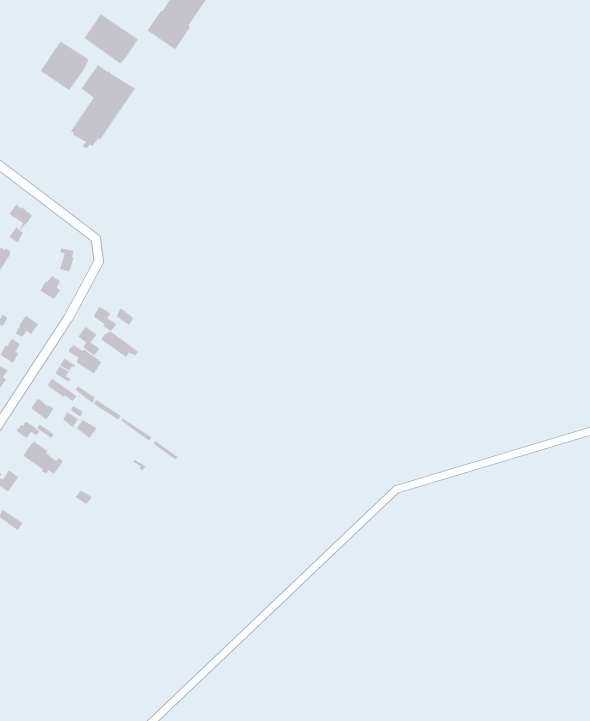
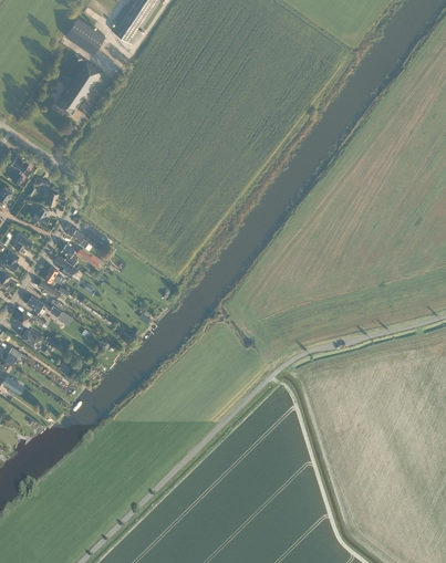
building: [40,40,90,91] -> none

